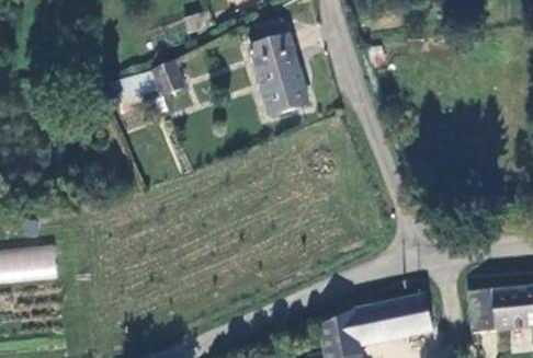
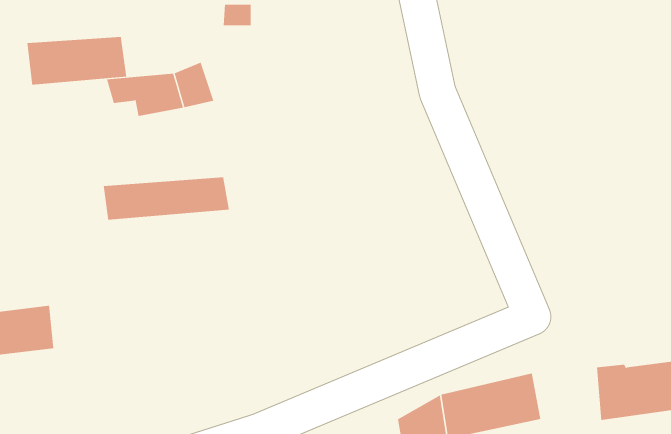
building: [251,31,313,112] -> none
building: none -> [27,36,127,85]
building: none -> [103,177,229,220]

